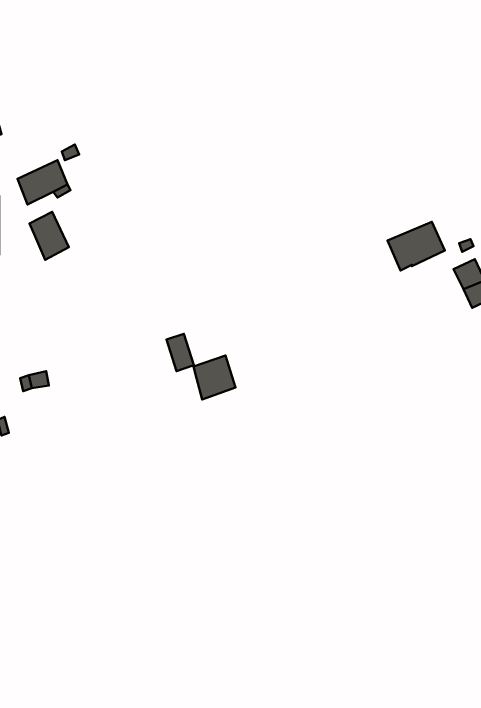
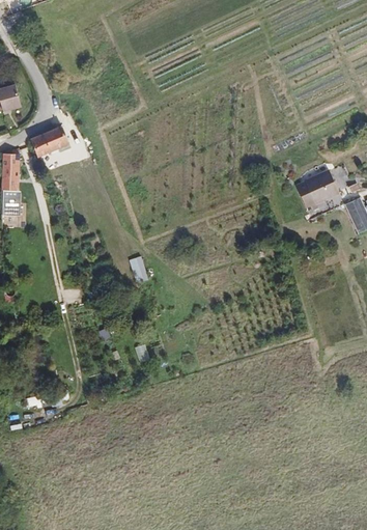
building: [30,212,69,260] -> none
building: [193,355,236,399] -> none

